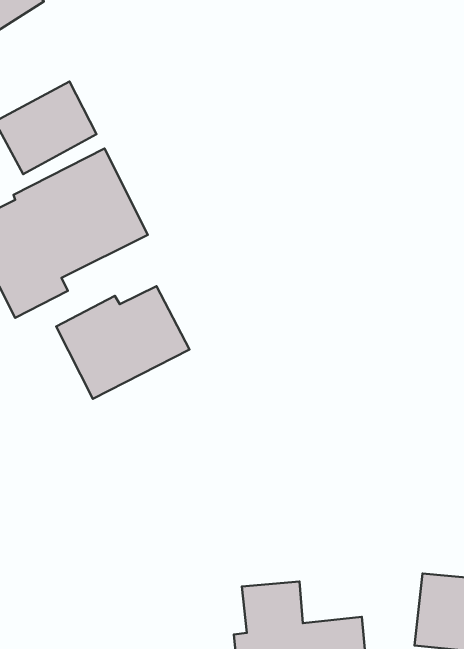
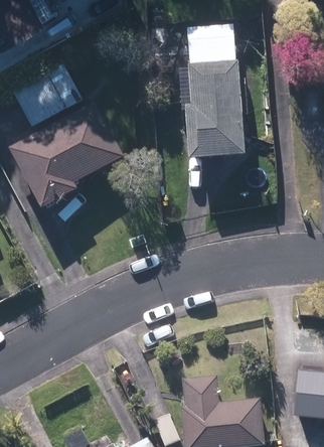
building: none -> [187,26,242,162]
building: [56,286,190,399] -> none

